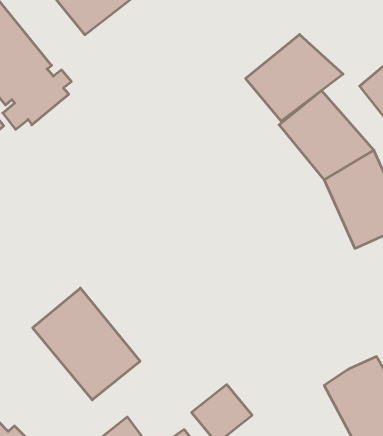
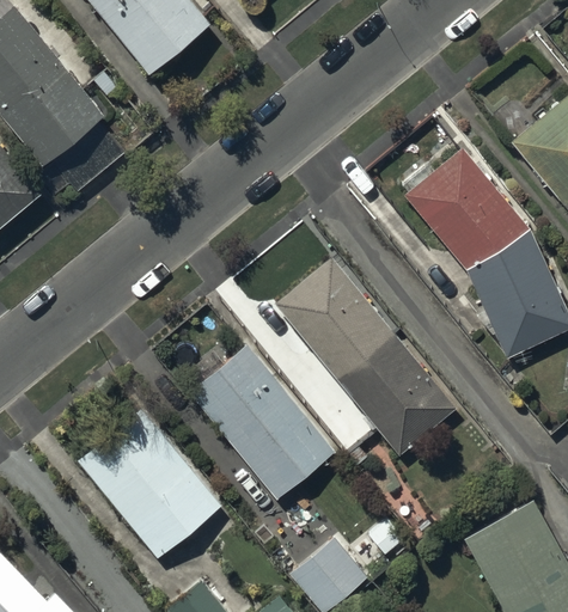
building: [246,34,343,121] -> none
building: none -> [275,257,458,457]
building: none -> [189,347,335,501]

